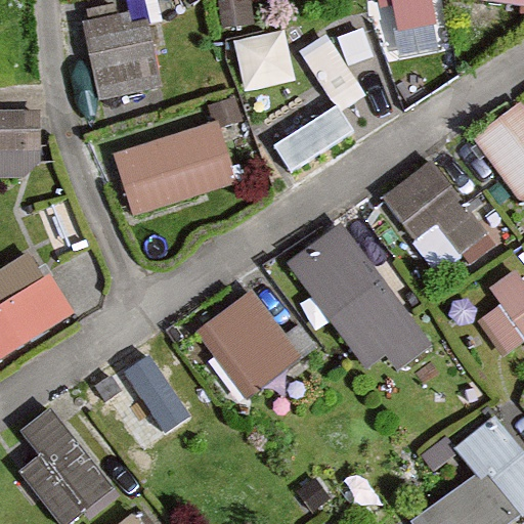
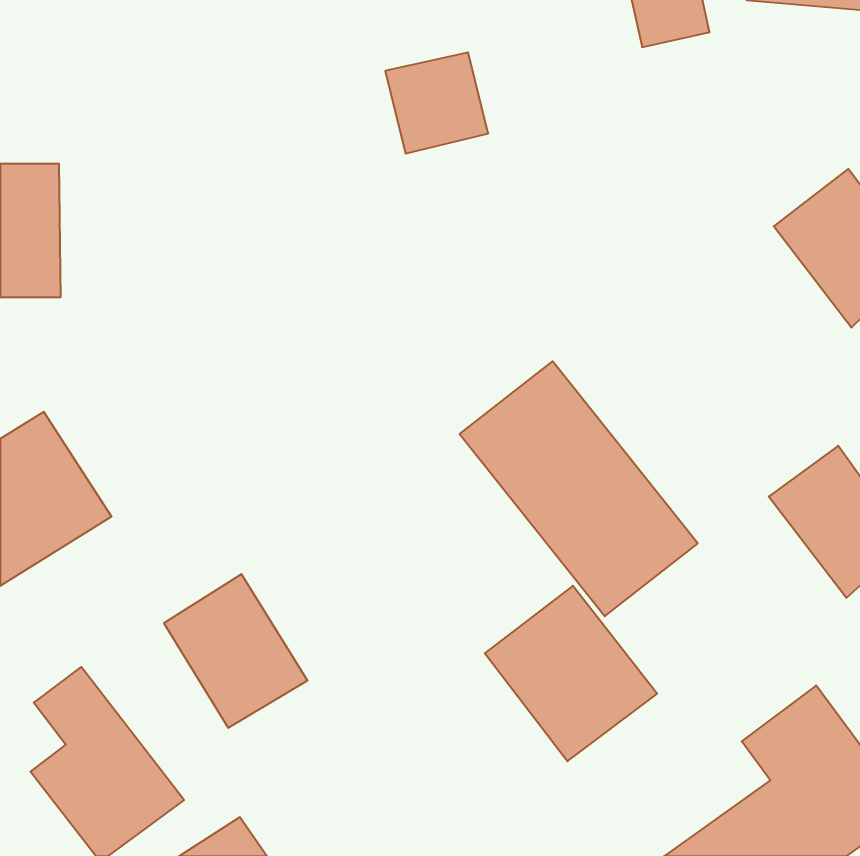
building: [80,7,155,96] -> none
building: [274,35,367,175] -> none
building: [122,122,243,214] -> none
building: [379,160,486,270] -> none
building: [199,292,303,398] -> [485,586,657,761]

